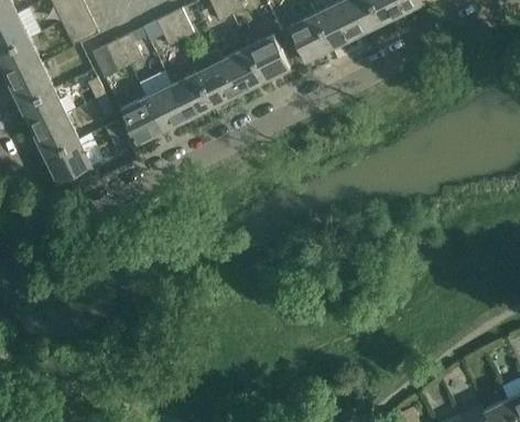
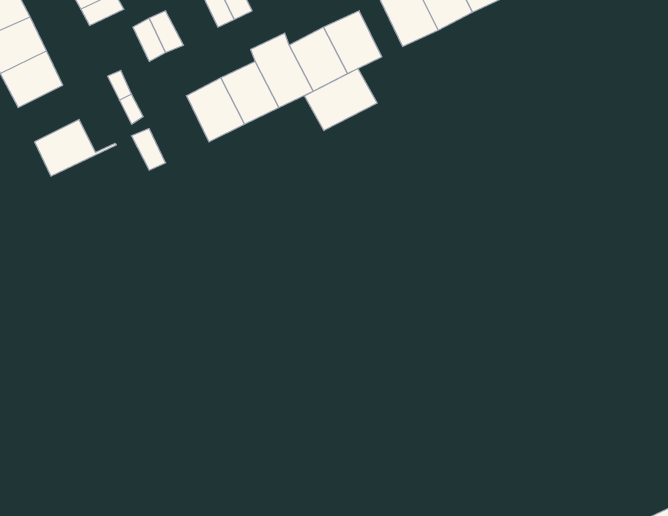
building: none -> [304,68,377,131]
building: [20,89,65,131] -> none
building: [119,97,161,143] -> none
building: [44,133,105,187] -> none

